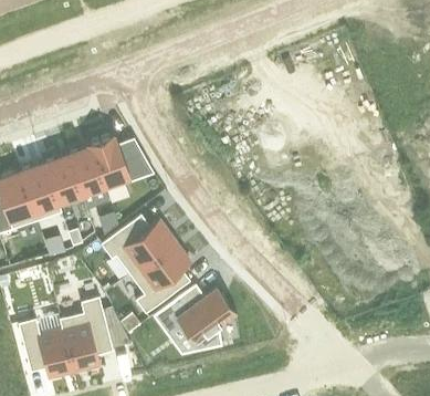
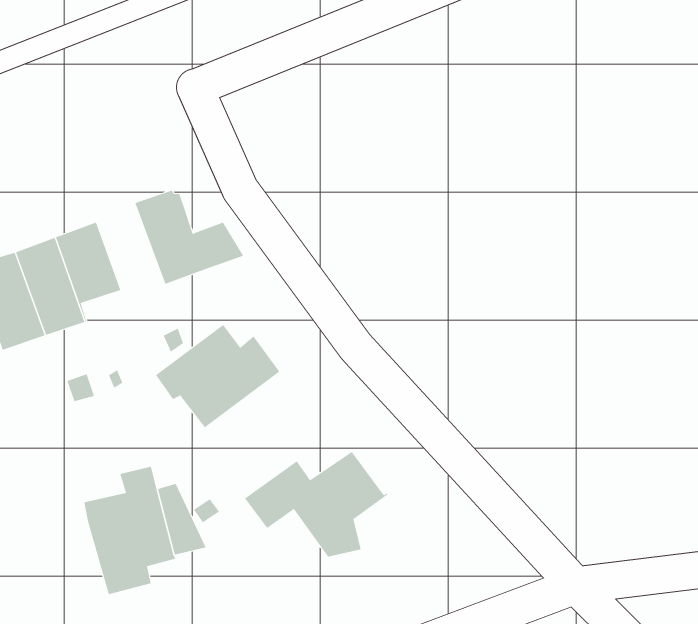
building: [67,143,107,194] -> none
building: [130,241,191,313] -> none
building: [19,319,74,378] -> none

